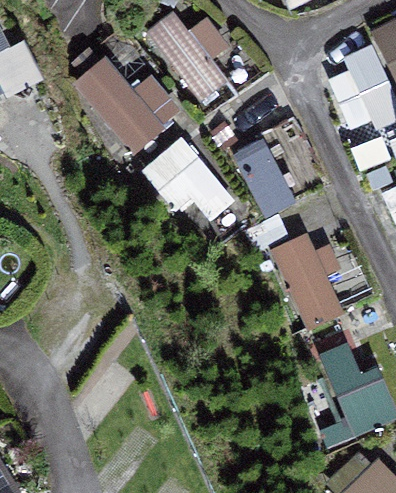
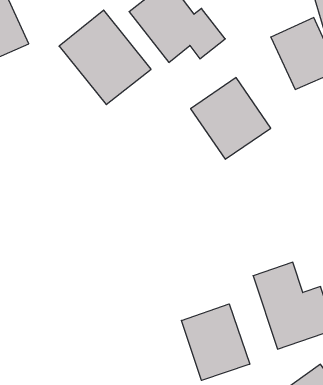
building: [142,130,237,232] -> none
building: [269,233,347,333] -> none
building: none -> [181,304,250,380]

